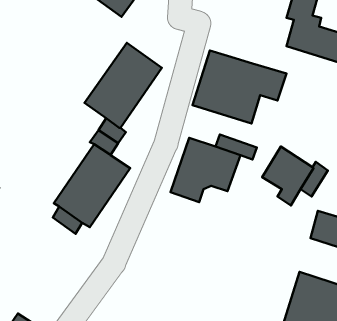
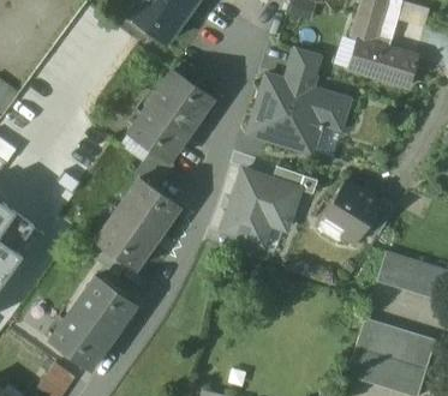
building: none -> [286,47,323,89]
building: none -> [50,275,136,367]

